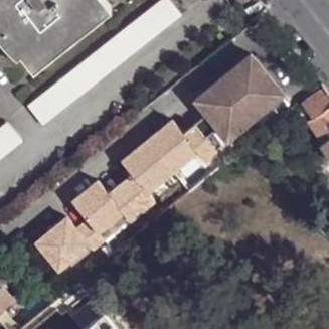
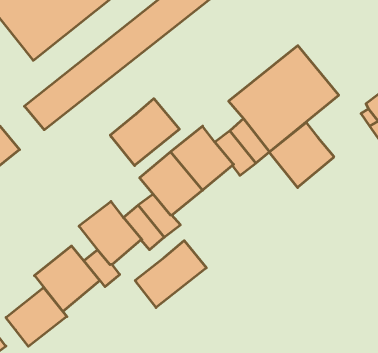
building: none -> [110,99,179,166]
building: none -> [269,123,334,188]
building: none -> [135,241,206,308]
building: none -> [6,287,67,346]

